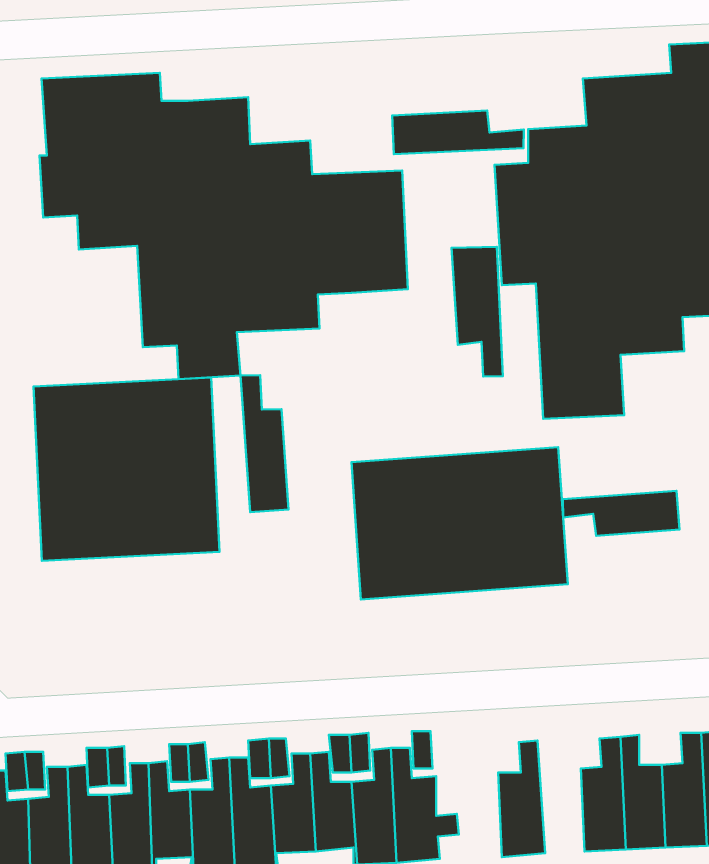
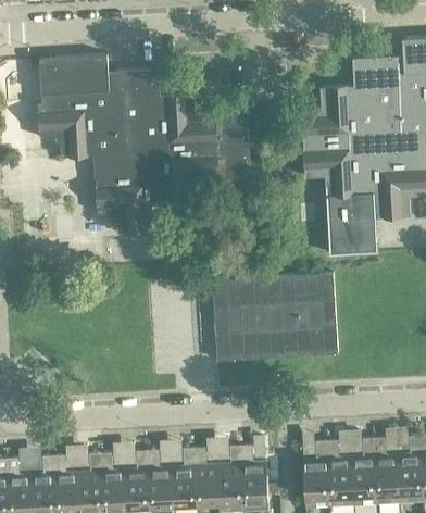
building: [392,111,524,154] -> none
building: [451,247,503,376] -> none
building: [241,375,289,512] -> none
building: [33,378,219,561] -> none
building: [563,491,679,536] -> none
building: none -> [325,440,352,505]

